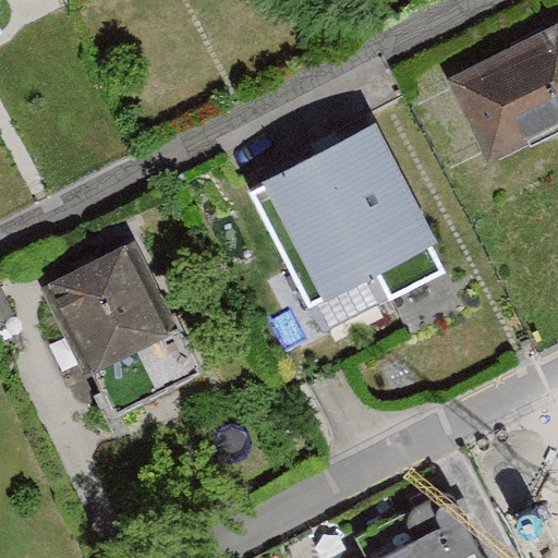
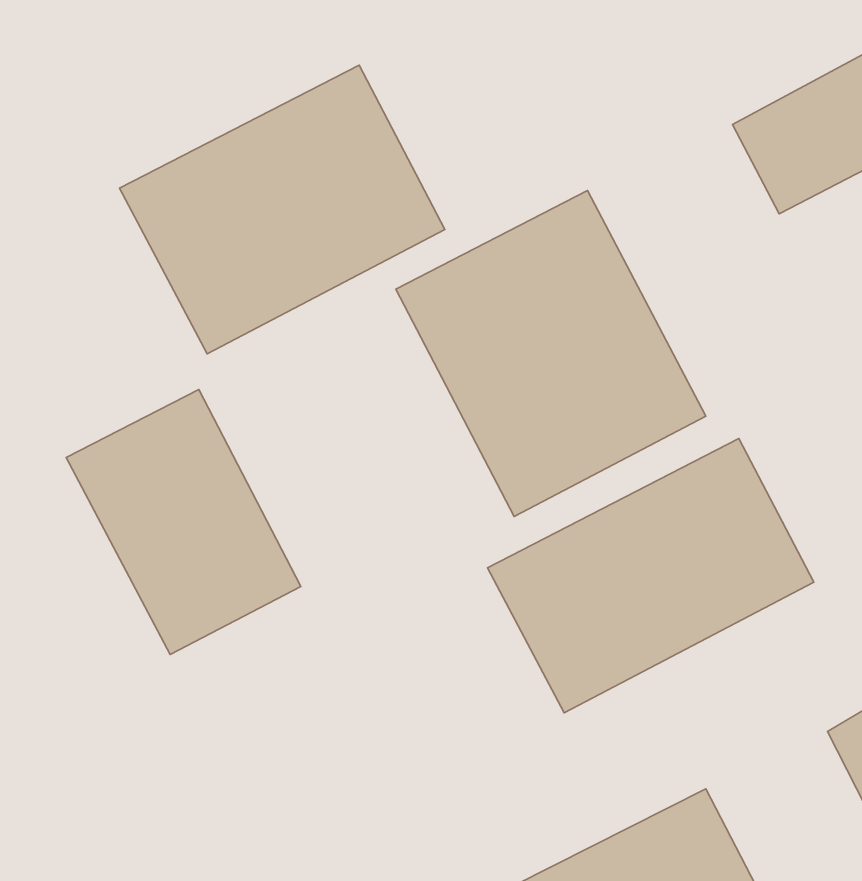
building: none -> [120,65,445,354]
building: none -> [487,438,814,713]

